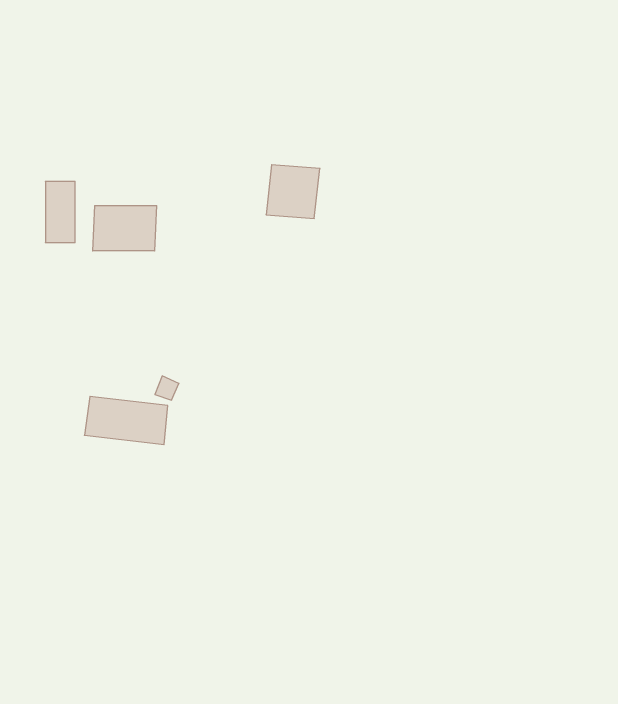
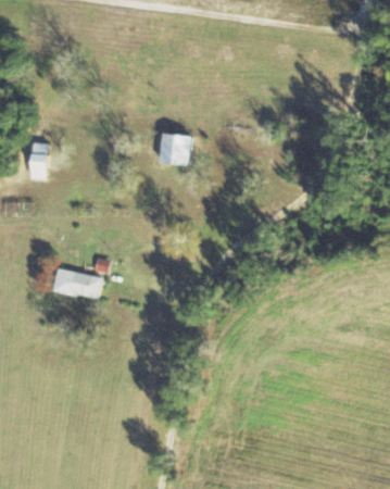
building: [93,206,157,251] -> none

